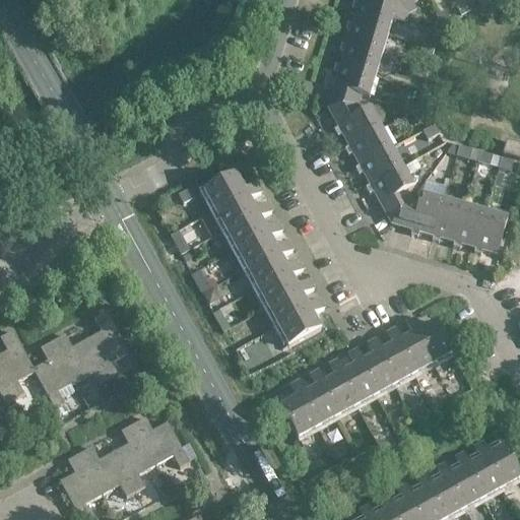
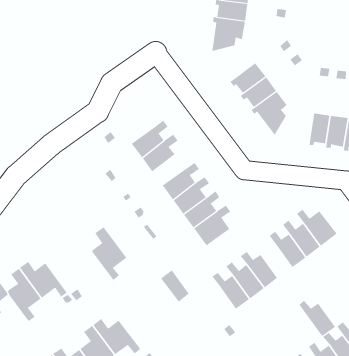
building: [327,101,380,142] -> none
building: [203,170,244,204] -> none
building: [391,191,443,232] -> none
building: [233,218,281,261] -> none
building: [85,308,129,377] -> [91,226,127,281]
building: [347,346,390,395] -> [298,300,336,337]
building: [279,394,313,436] -> [160,270,189,302]

